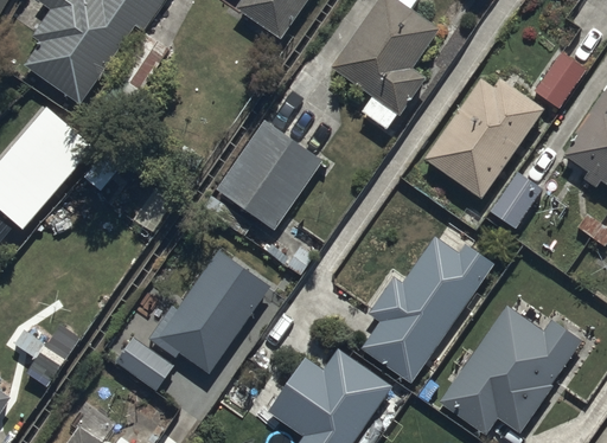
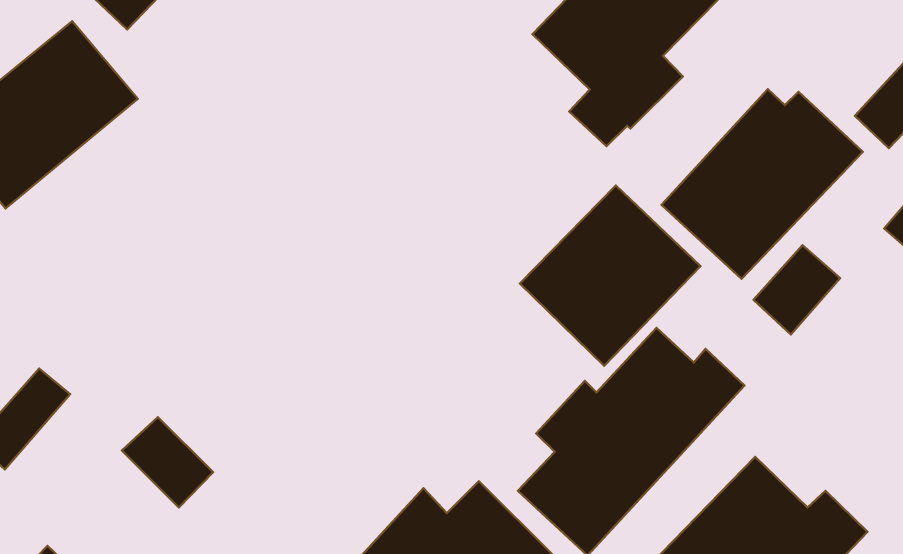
building: [215,121,324,232] -> [520,186,700,366]
building: [152,250,270,374] -> none

